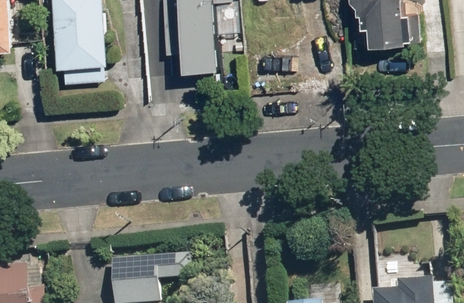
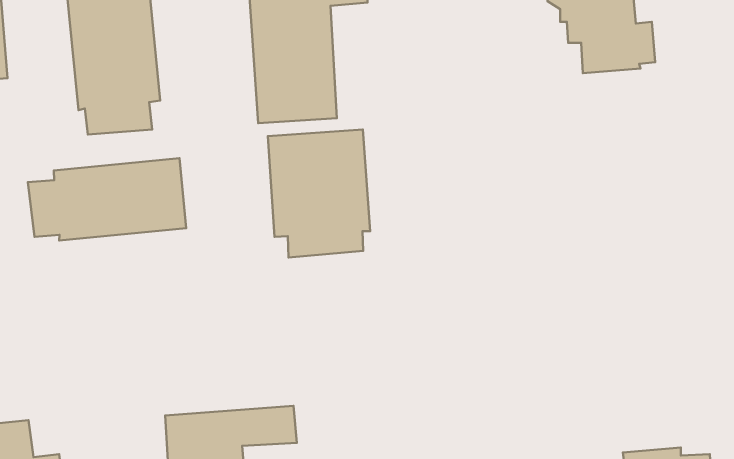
building: none -> [268,130,370,257]
building: none -> [28,158,186,241]

